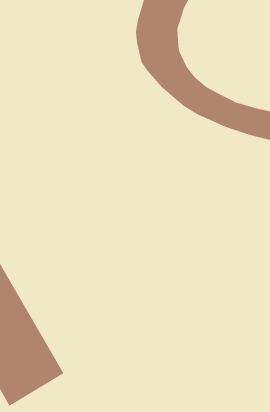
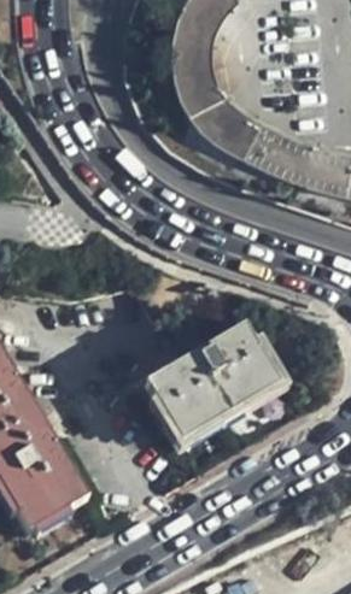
building: none -> [144,318,285,440]

